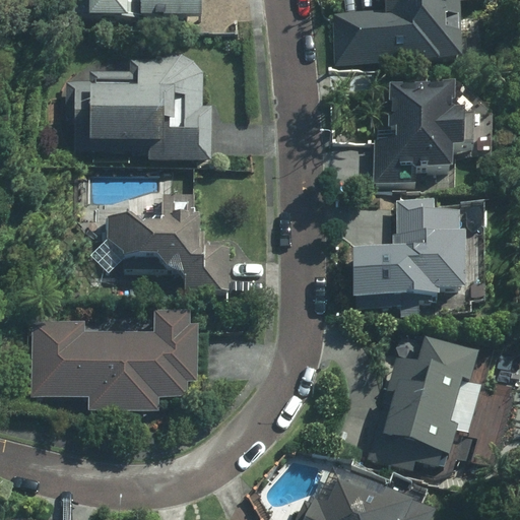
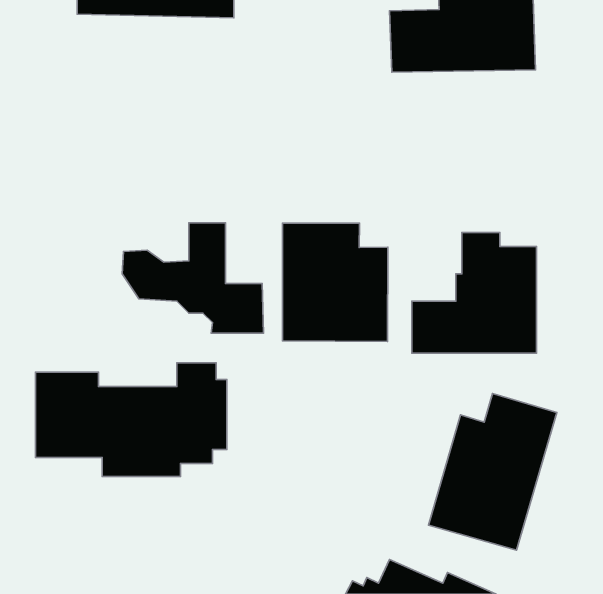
building: [75,48,214,156] -> none
building: [375,86,462,180] -> none
building: none -> [282,223,388,342]

